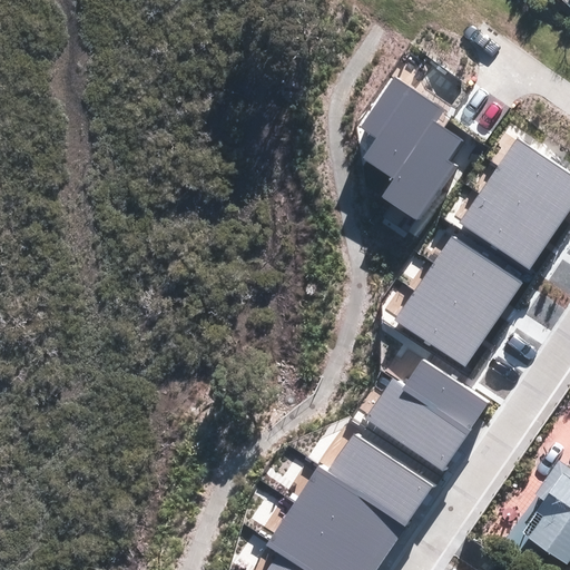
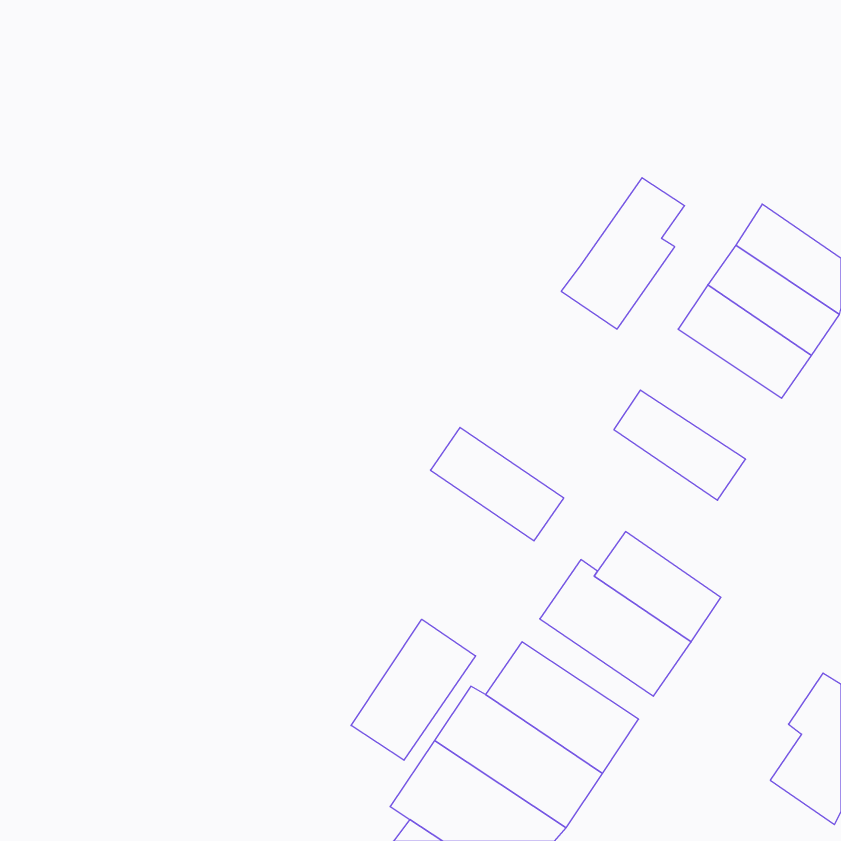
building: [360,78,441,179] -> none
building: [433,237,521,311] -> none
building: [395,291,485,367] -> [430,427,564,541]
building: none -> [351,619,476,760]

